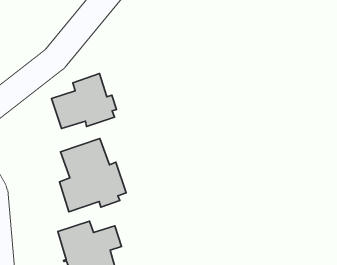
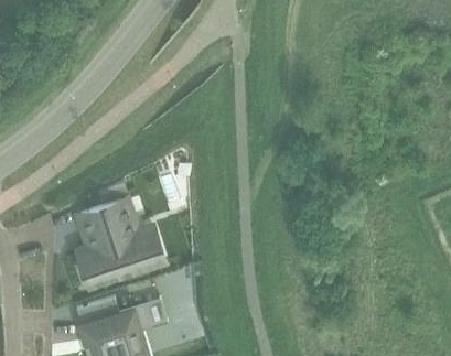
building: [52,74,117,129] -> none

